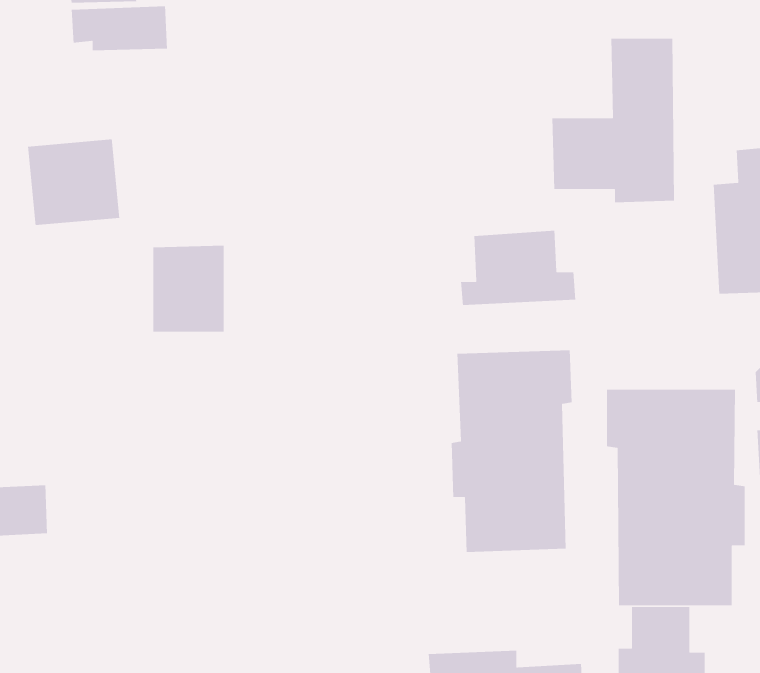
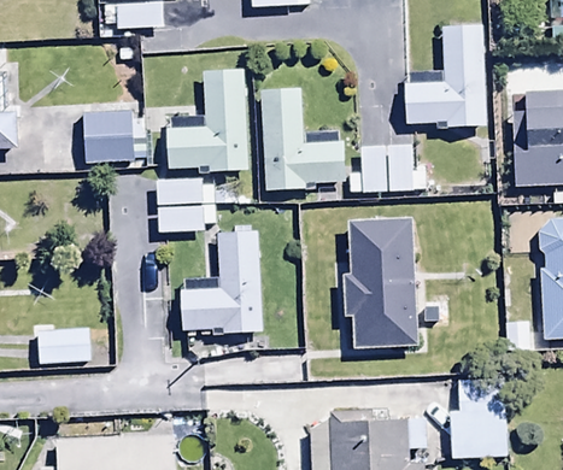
building: none -> [165,47,245,152]
building: none -> [259,59,346,170]
building: none -> [178,210,258,313]
building: [606,389,746,606] -> none

